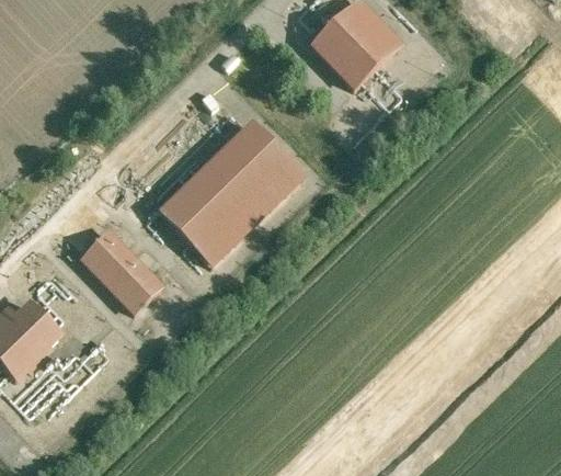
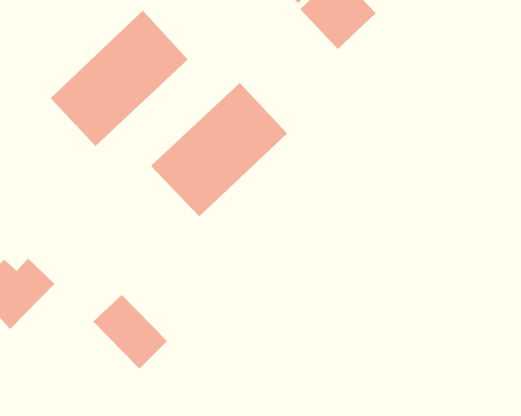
building: none -> [50,10,188,147]
building: [81,230,160,309] -> [93,294,168,370]

